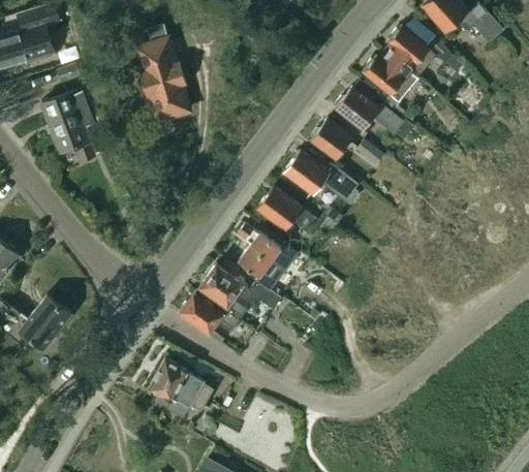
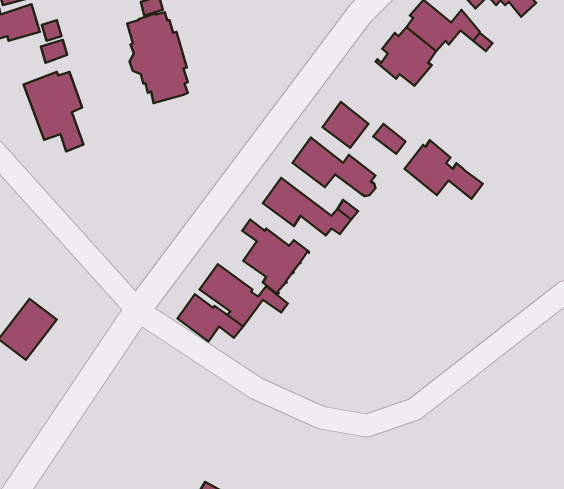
building: [335,83,405,135] -> [405,140,483,199]
building: [149,359,214,418] -> none

